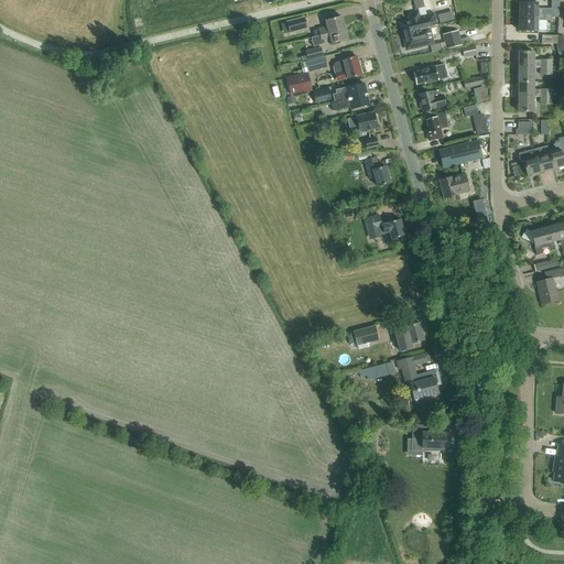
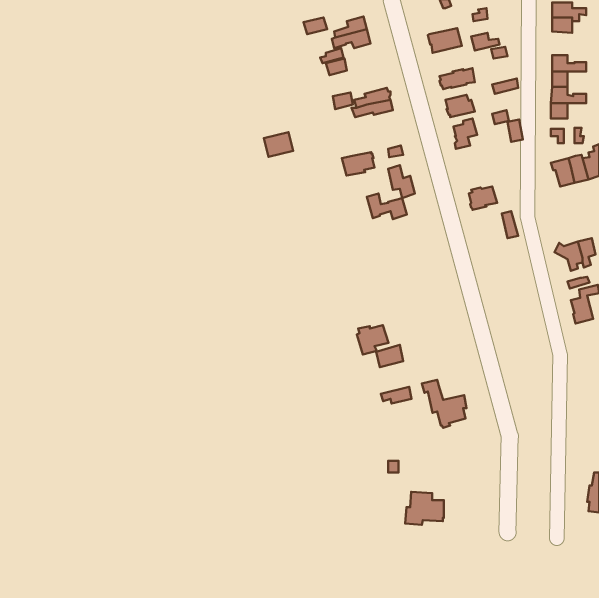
building: [401,12,436,32] -> none
building: [332,55,361,80] -> none
building: [285,72,313,95] -> [264,132,293,157]
building: [347,112,378,134] -> [342,152,375,176]
building: [438,140,481,166] -> none
building: [367,215,404,239] -> [367,193,407,219]
building: [394,323,424,350] -> [357,325,389,354]
building: [406,424,443,455] -> [405,492,444,525]

